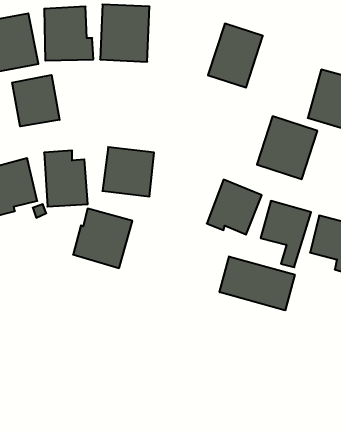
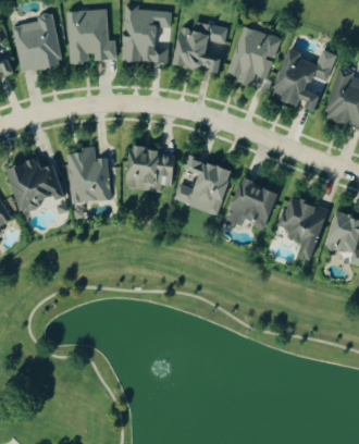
building: none -> [173,24,226,72]
building: [12,75,60,126] -> none
building: [257,116,317,179] -> [271,49,330,110]
building: [73,209,132,268] -> [174,157,232,214]
building: [220,256,295,310] -> none

